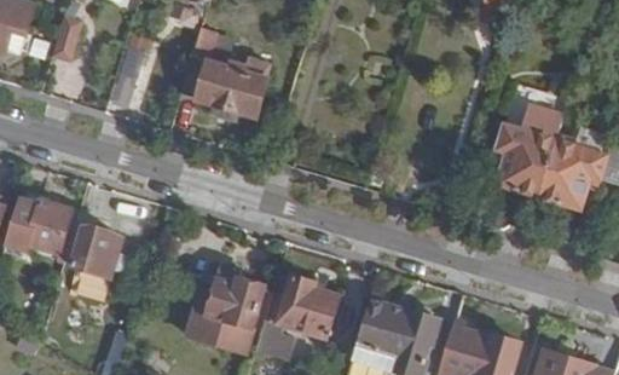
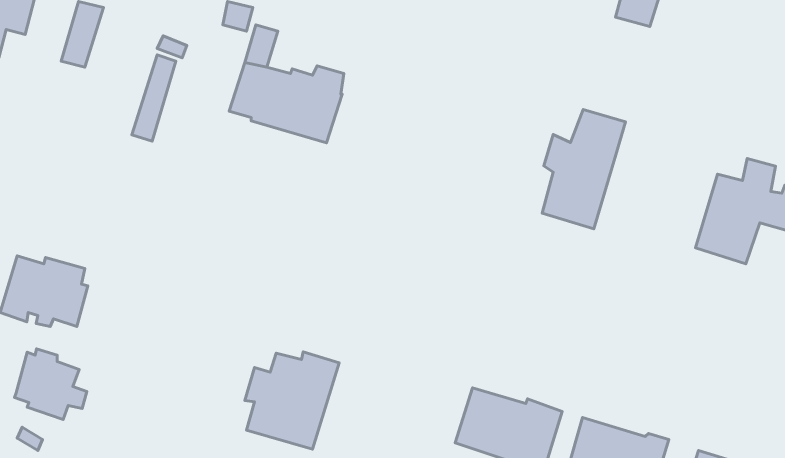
building: [501,104,565,196] -> [542,109,625,229]
building: [63,223,118,277] -> [15,349,87,420]
building: [258,276,339,347] -> none

